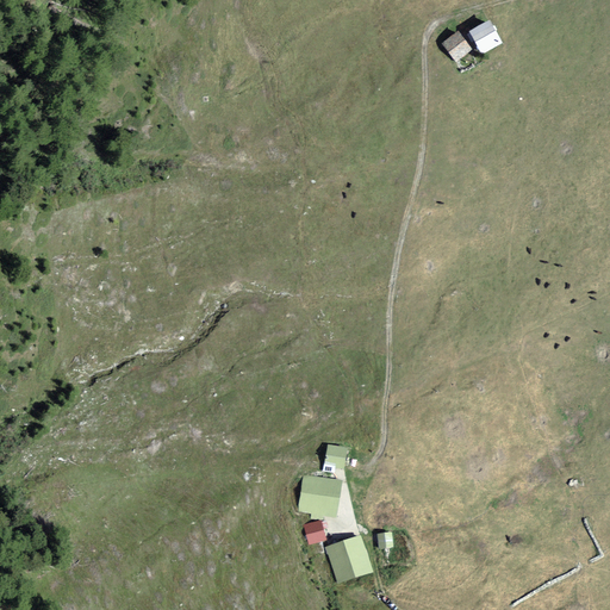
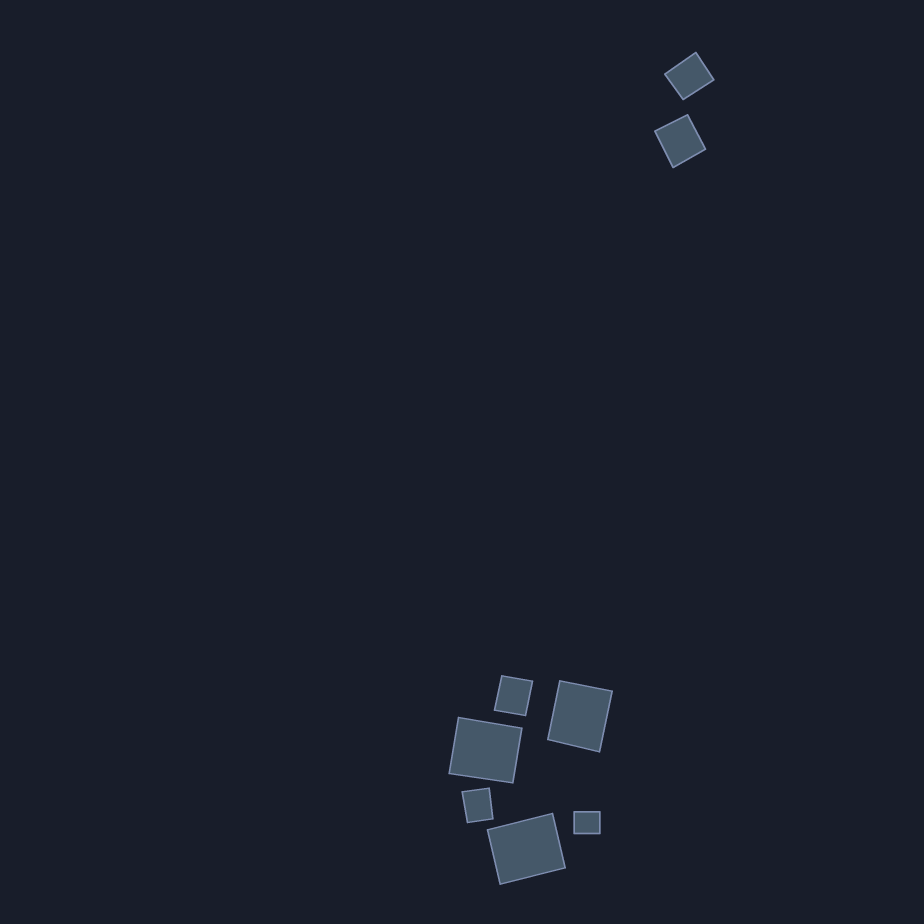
building: [468,21,502,56] -> [655,115,706,167]
building: none -> [548,681,612,752]

